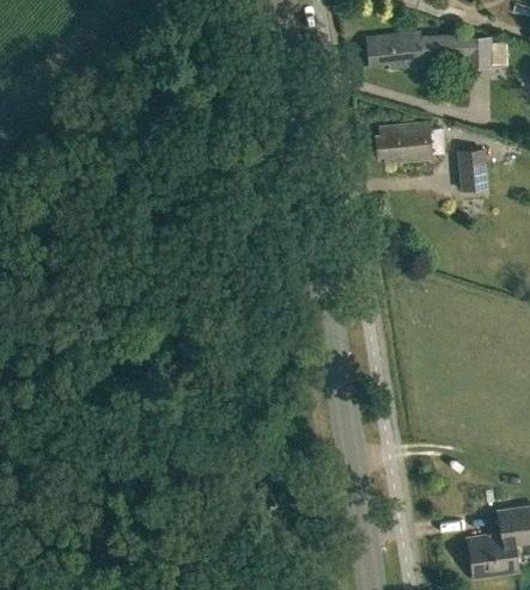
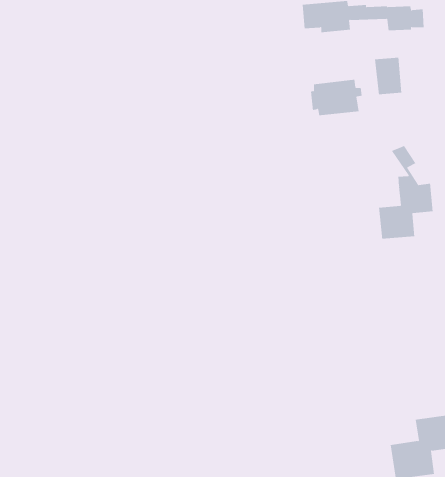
building: [456,148,488,191] -> [374,57,402,95]
building: none -> [379,145,433,240]

